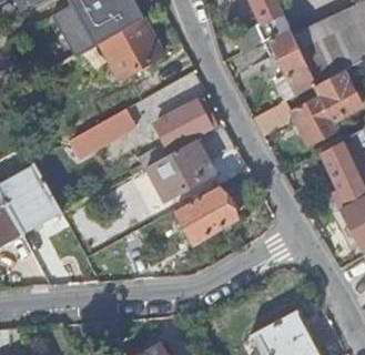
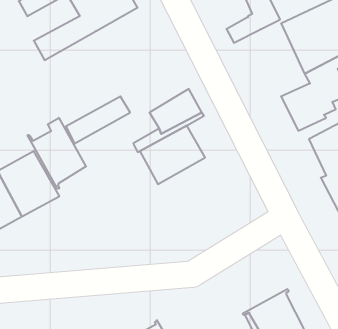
building: [100,17,162,78] -> none
building: [271,29,316,95] -> none
building: none -> [28,118,86,189]
building: [175,185,236,242] -> none

